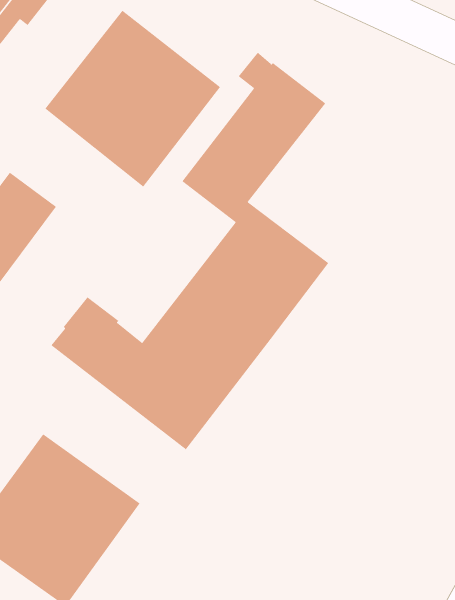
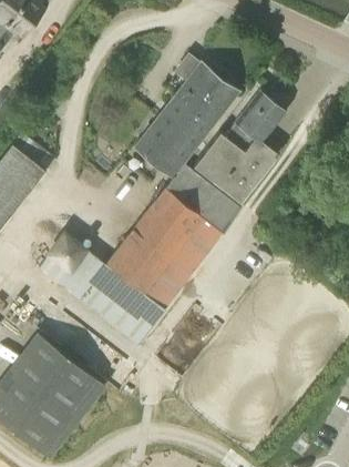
building: [45,10,221,187] -> none
building: none -> [195,91,288,203]

